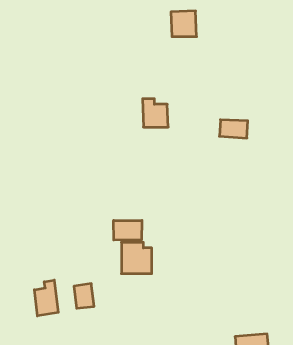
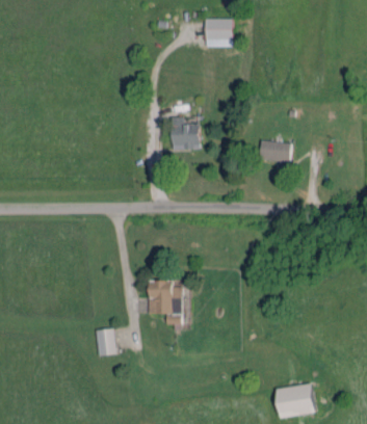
building: [114,220,142,240] -> none
building: [34,280,58,316] -> none

